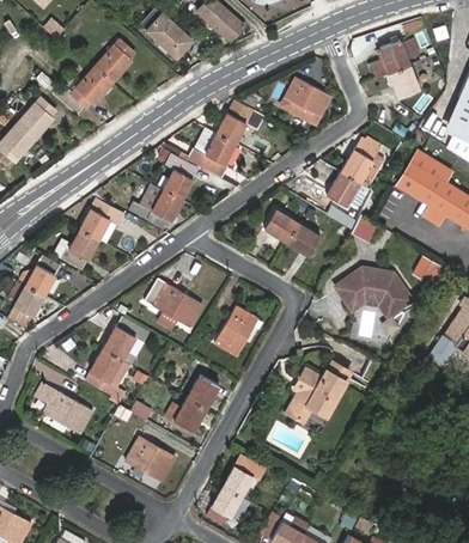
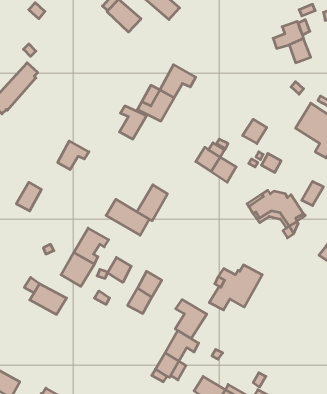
building: [71,39,135,109] -> none
building: [281,78,330,124] -> none
building: [342,139,382,184] -> none
building: [130,190,182,230] -> none
building: [62,231,98,269] -> none
building: [10,286,44,327] -> none
building: [217,307,257,355] -> [137,185,167,221]
building: none -> [107,257,131,282]
building: none -> [175,300,207,338]
building: [127,438,175,481] -> none

